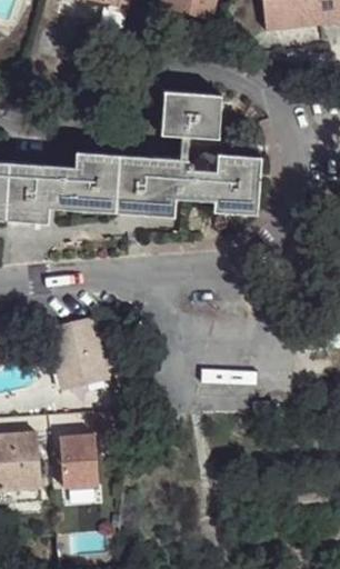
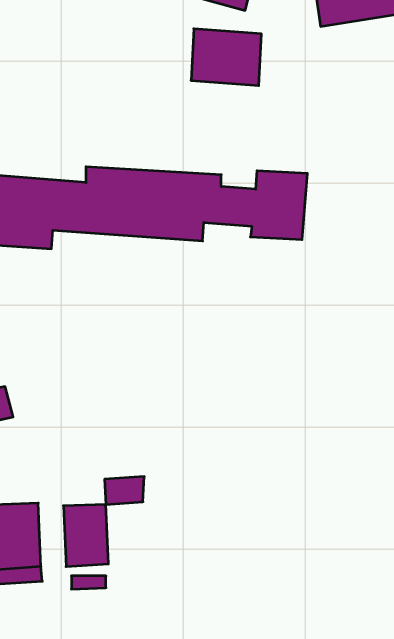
building: [163,91,222,139] -> [191,29,261,86]
building: [44,316,110,391] -> none

